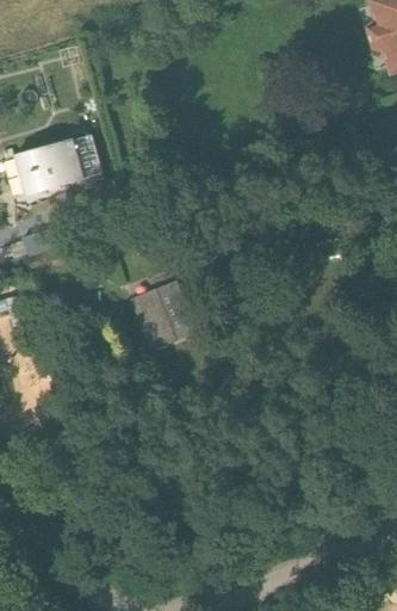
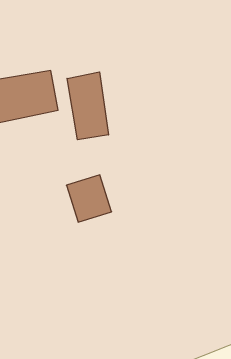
building: none -> [67,72,108,140]

